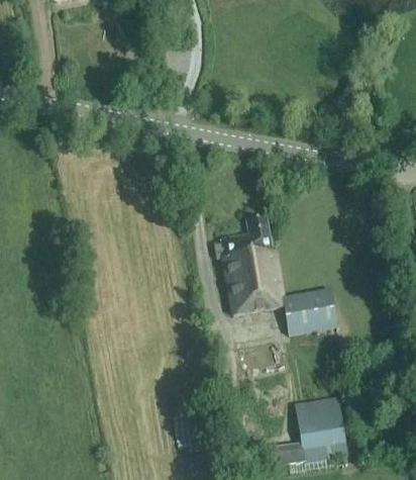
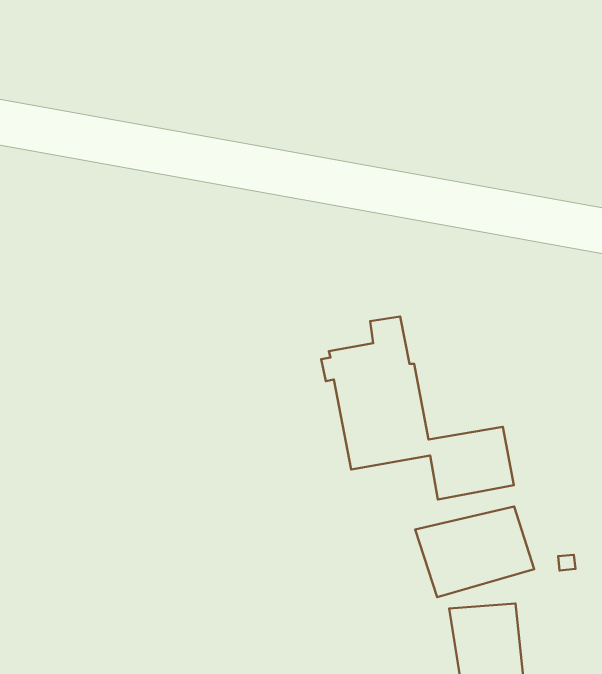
building: none -> [415,506,534,597]

